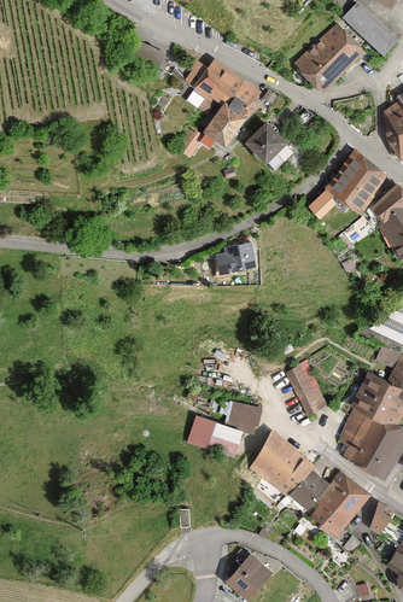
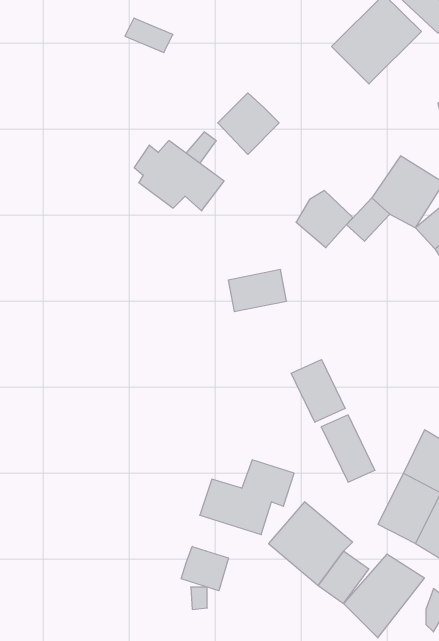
building: [187,57,259,113] -> [134,141,224,211]
building: [243,118,288,164] -> [296,191,353,248]
building: none -> [291,360,345,422]
building: none -> [181,546,228,591]

